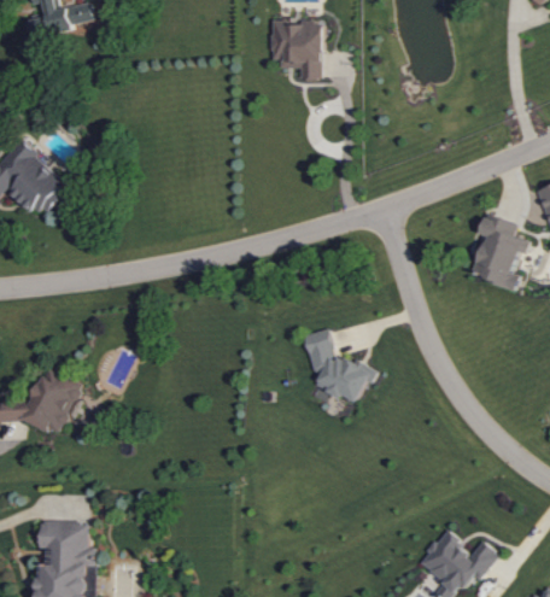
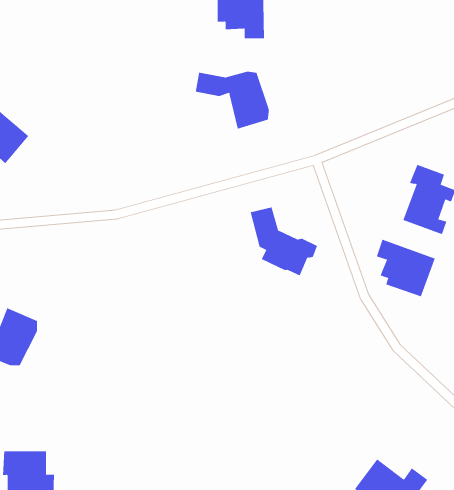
building: none -> [195,71,269,129]
building: none -> [376,239,435,297]
building: [302,328,375,403] -> [250,207,318,276]

